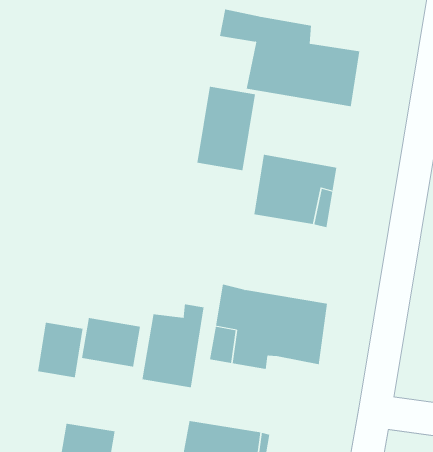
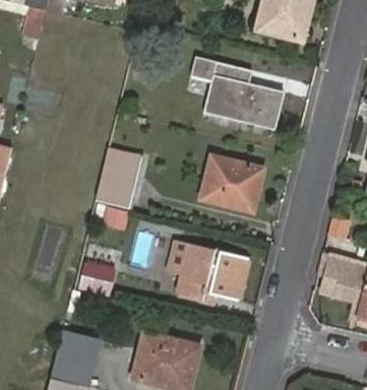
building: [196,86,256,171] -> [97,149,141,209]
building: [142,303,204,388] -> none
building: [38,322,83,378] -> none

